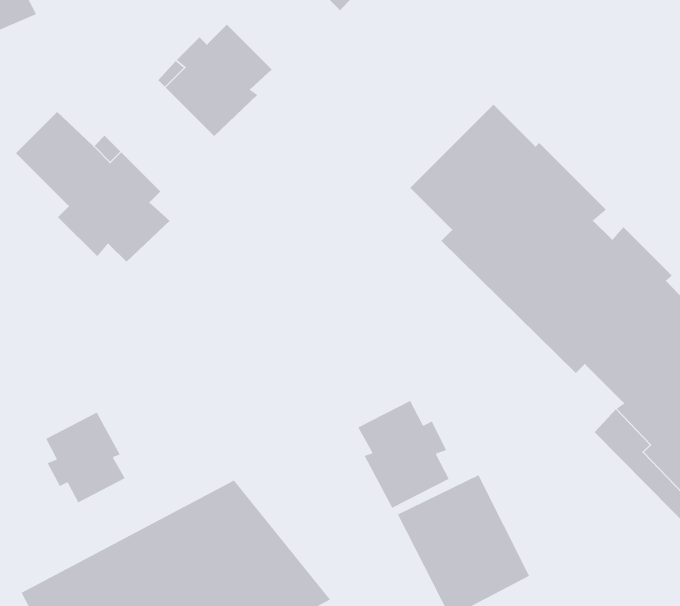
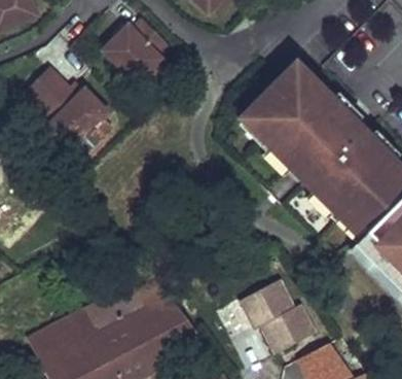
building: [357,400,450,509] -> none
building: [45,411,126,504] -> none

